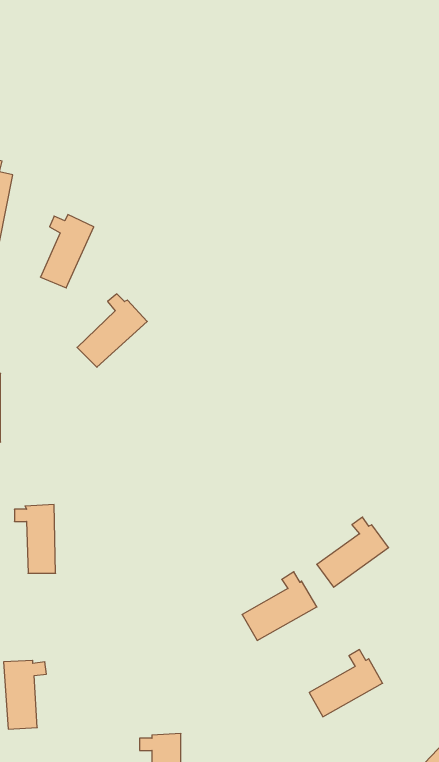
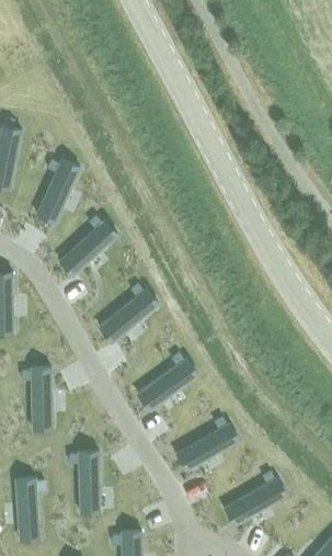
building: none -> [107,284,158,337]
building: [317,517,389,587] -> [146,354,197,405]
building: none -> [69,453,100,502]

